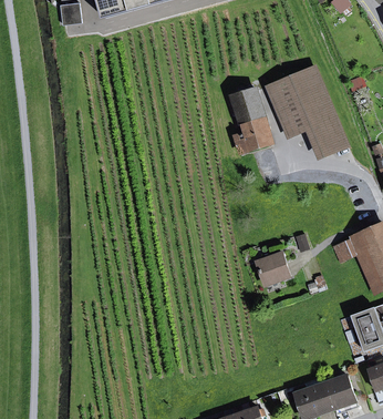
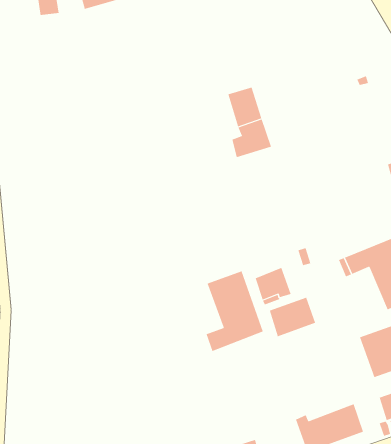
building: [267,67,345,155] -> none
building: none -> [206,270,264,352]
building: none -> [269,297,316,337]

